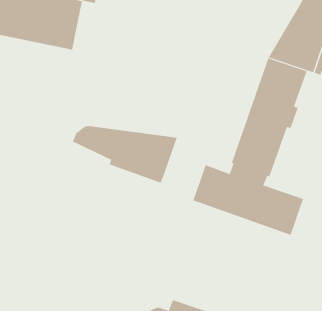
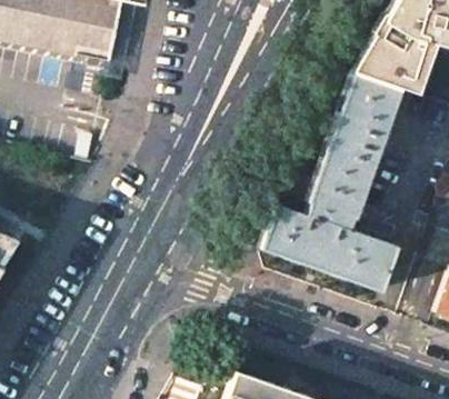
building: [72,126,177,183] -> none

